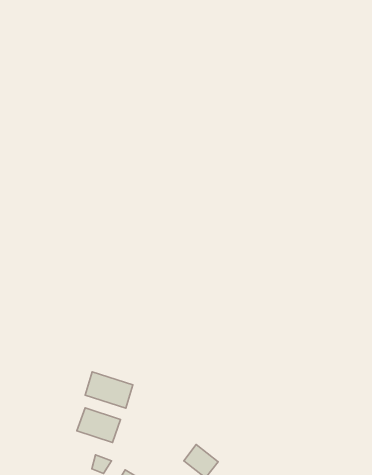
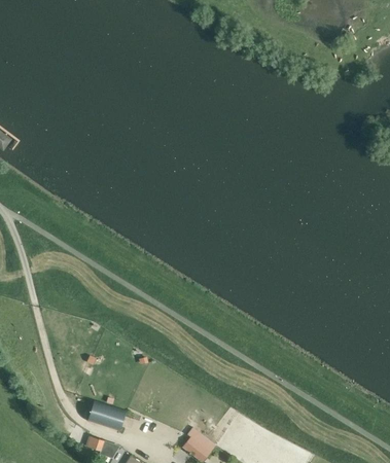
building: [85,372,133,408] -> none

